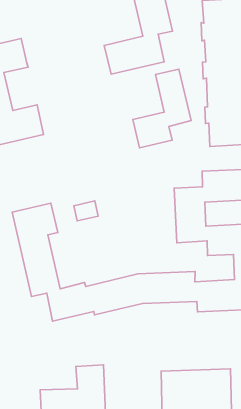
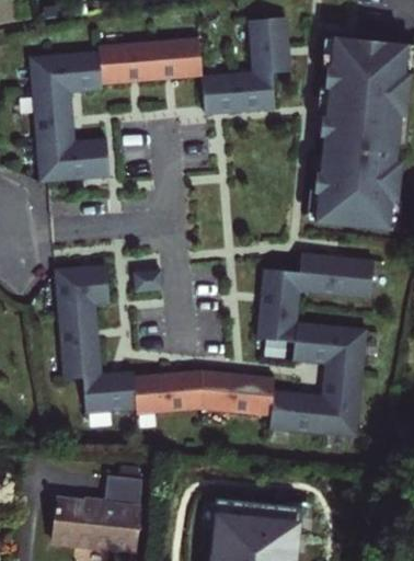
building: none -> [100,38,203,84]
building: [133,69,191,148] -> none

